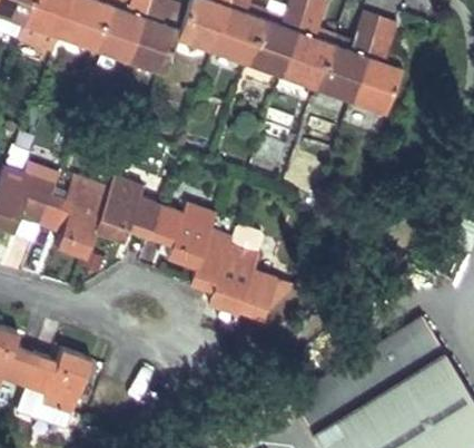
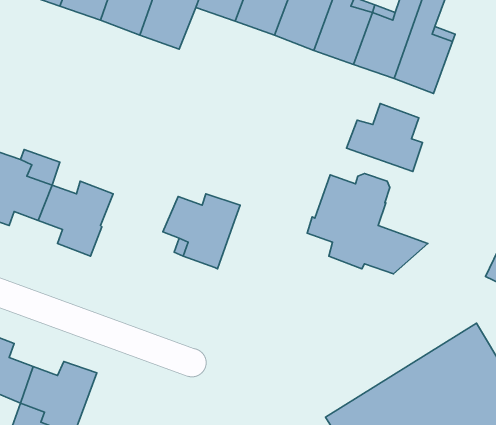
building: none -> [346,104,423,172]
building: [95,177,162,242] -> none
building: [190,230,296,318] -> [307,174,428,274]

